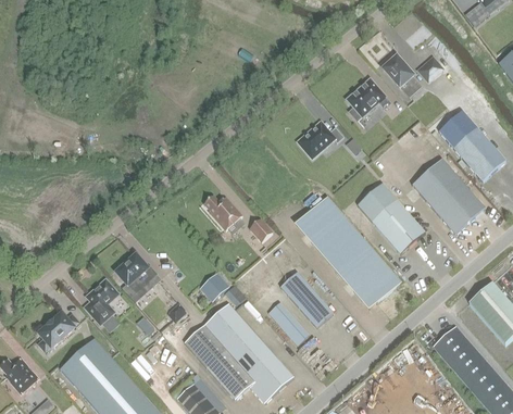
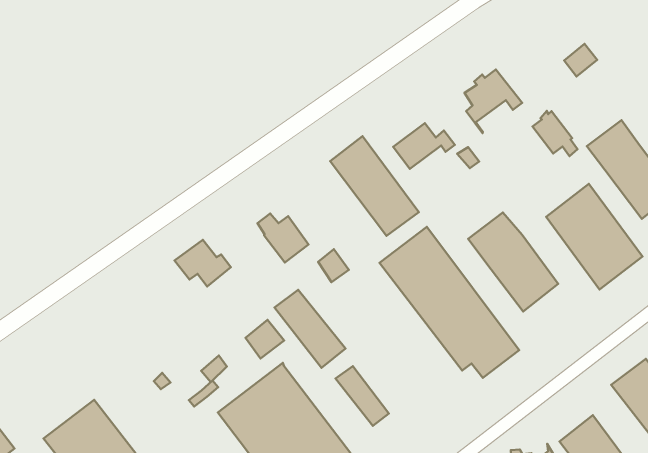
building: [384,55,417,87] -> [532,111,577,156]
building: none -> [330,136,419,236]
building: [116,254,158,288] -> [174,240,231,287]
building: [280,272,334,327] -> [275,290,345,368]
building: [85,278,118,323] -> none
building: [39,312,74,347] -> none

